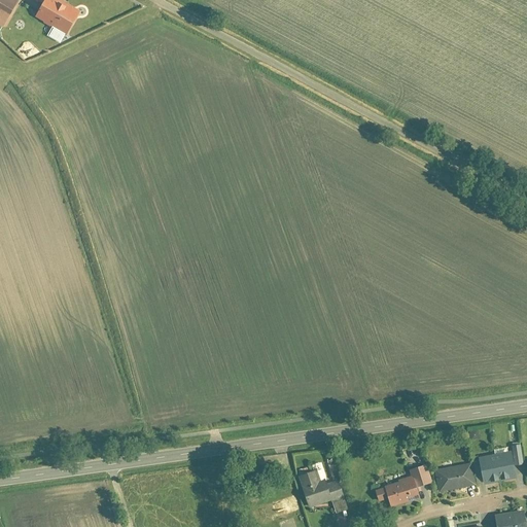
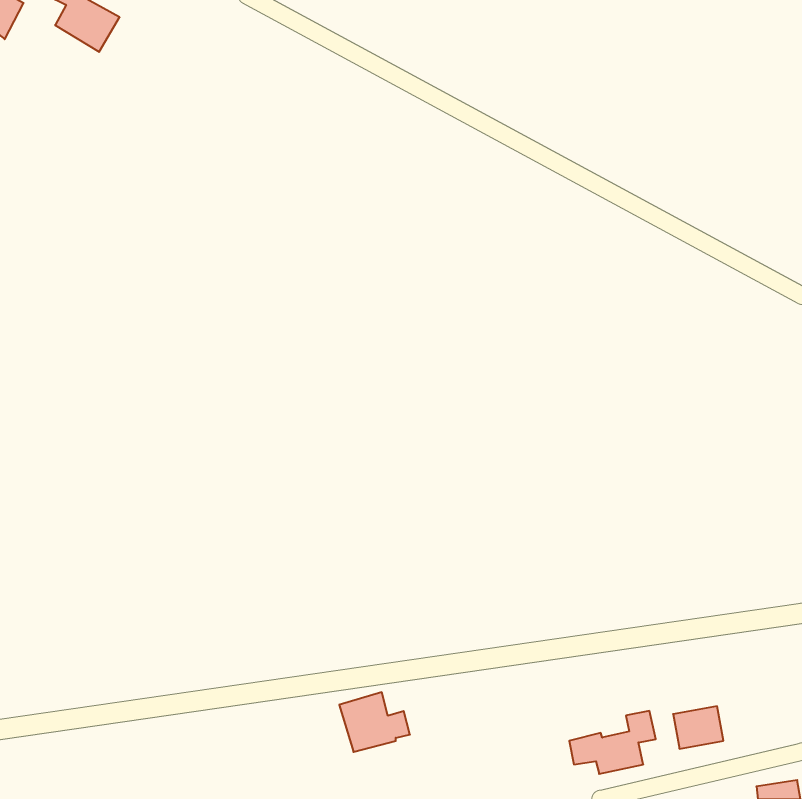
building: [480,451,514,480] -> none
building: [295,466,342,505] -> [339,692,410,752]

